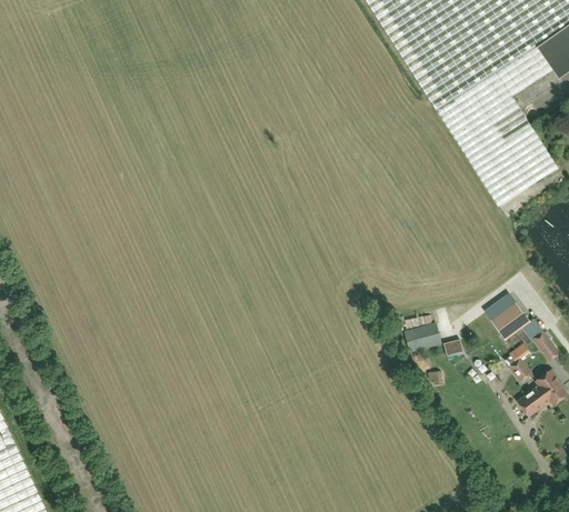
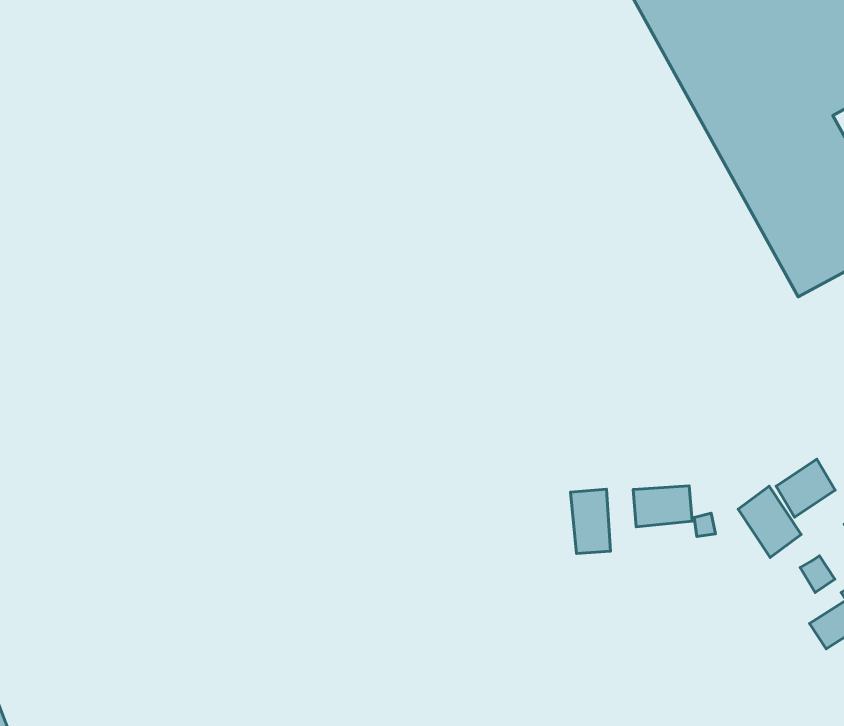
building: none -> [738,486,801,557]
building: none -> [571,489,611,554]

